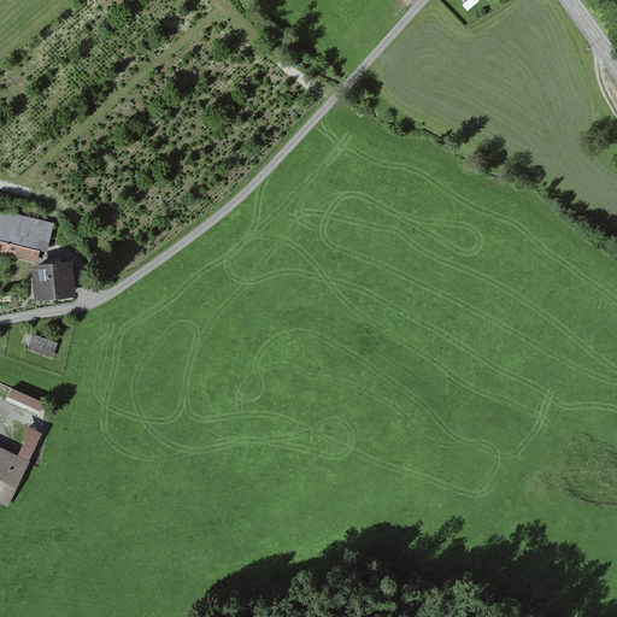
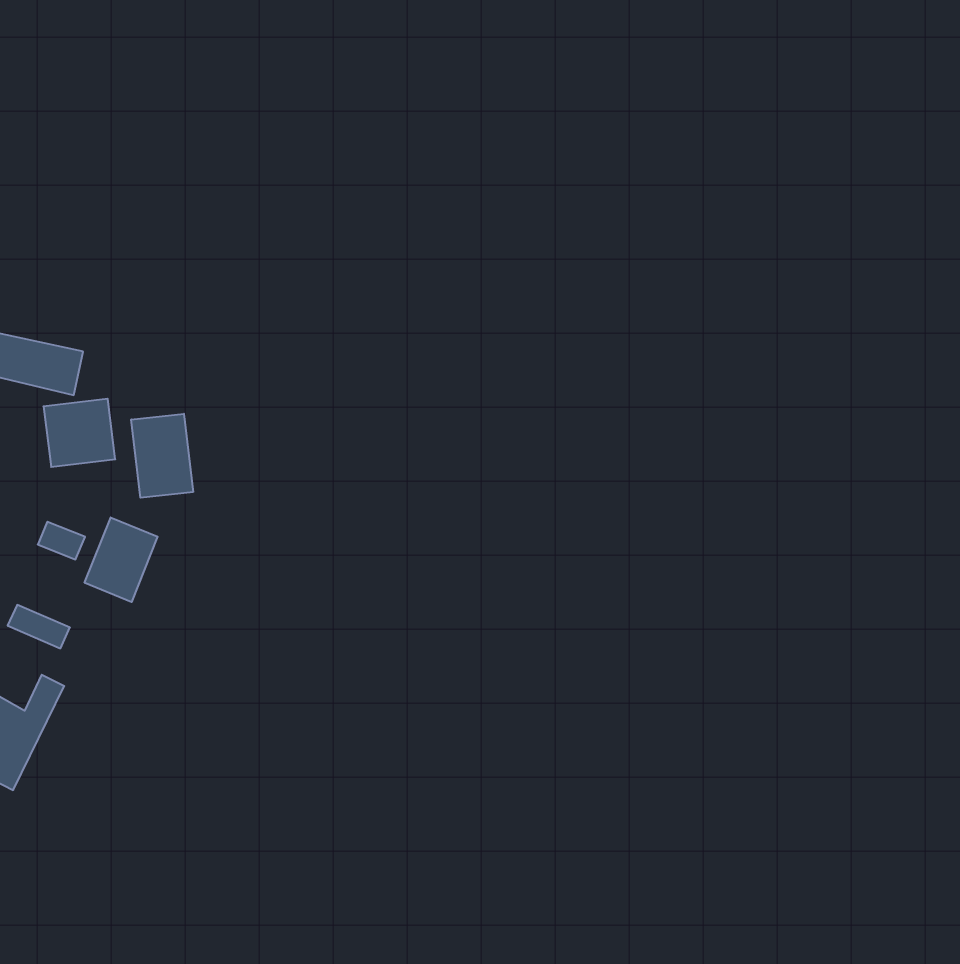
building: none -> [131,414,193,498]
building: none -> [85,517,158,602]

